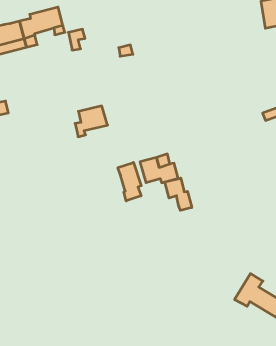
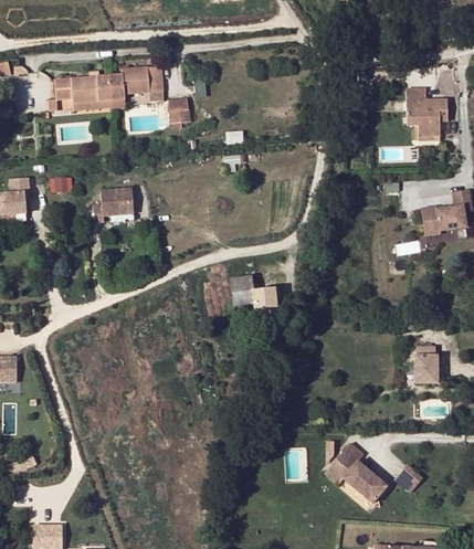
building: [75,106,108,137] -> [92,189,133,223]
building: [118,162,141,201] -> none
building: [165,178,192,210] -> none

